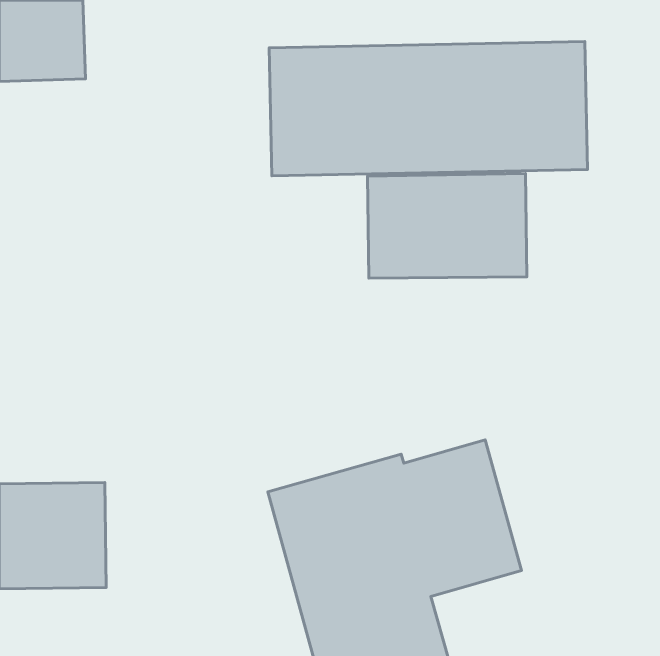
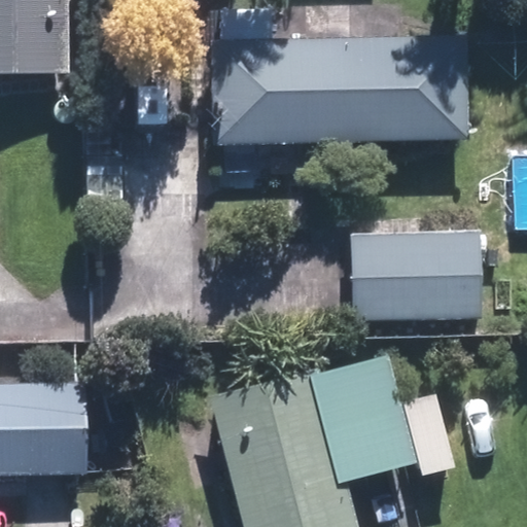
building: [368,173,527,278] -> [354,236,481,319]

